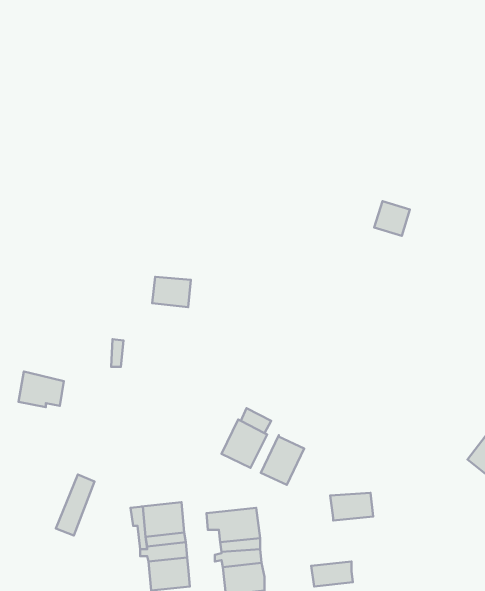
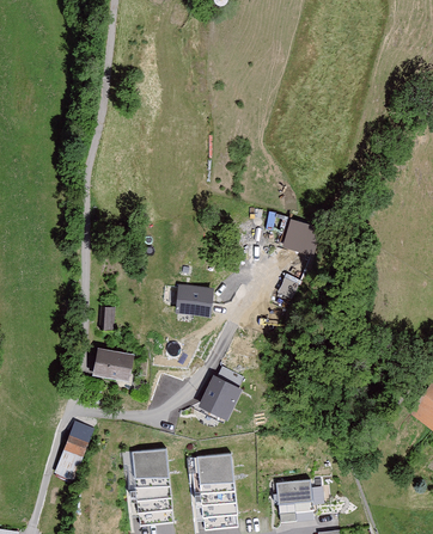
building: [374,201,410,236] -> [287,222,318,252]
building: [152,277,191,307] -> [177,287,211,313]
building: [18,371,64,407] -> [92,348,132,379]
building: [261,435,304,485] -> none
building: [330,493,373,521] -> [275,479,312,503]

